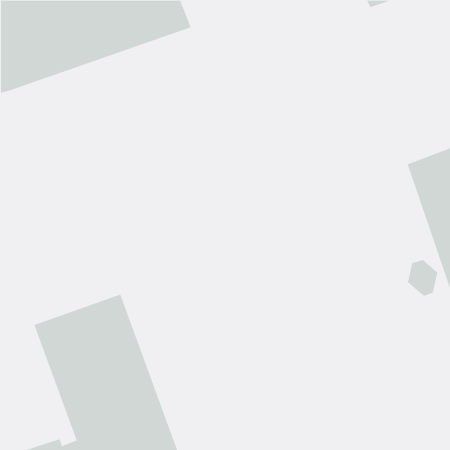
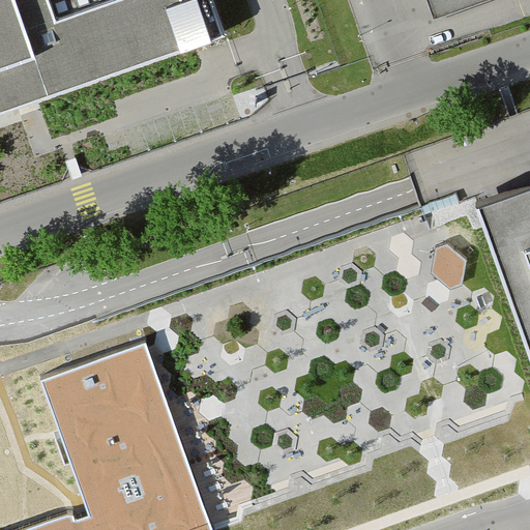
building: [407,259,438,296] -> [432,247,468,291]

